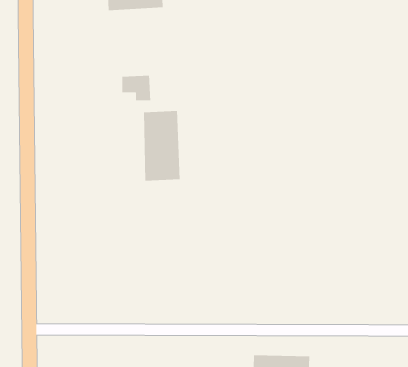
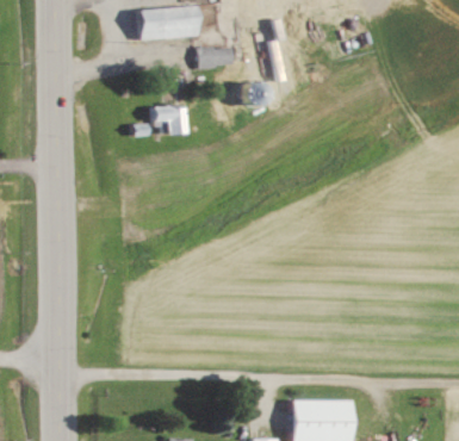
building: none -> [197,45,232,68]
building: [143,110,181,181] -> none

